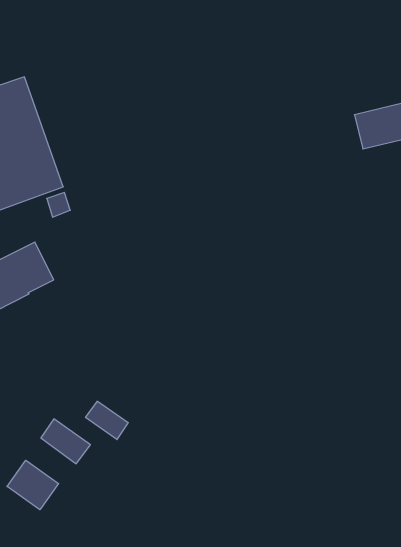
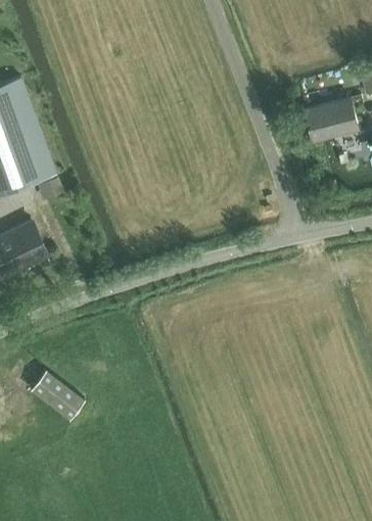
building: [86,401,128,440] -> none
building: [7,460,59,510] -> none

